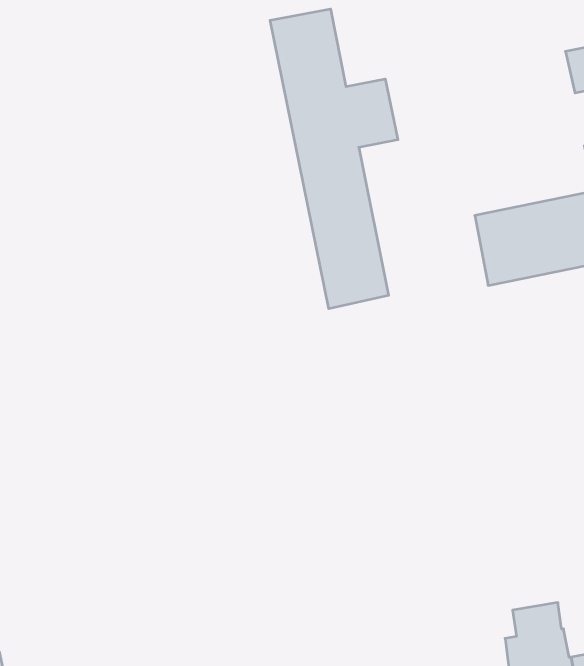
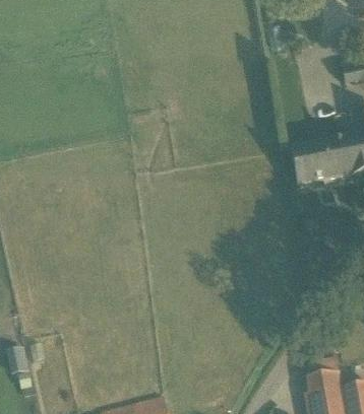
building: [270,9,398,309] -> none

